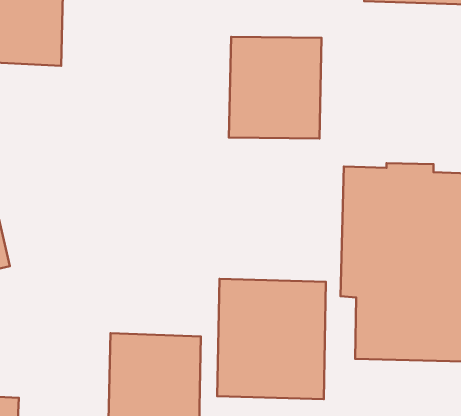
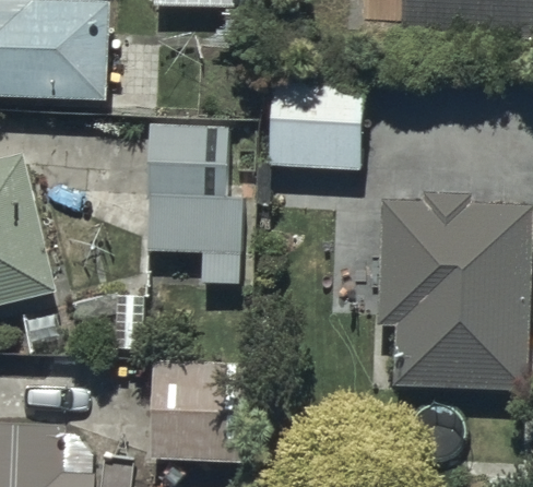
building: none -> [149,122,242,282]
building: [217,279,326,399] -> none

